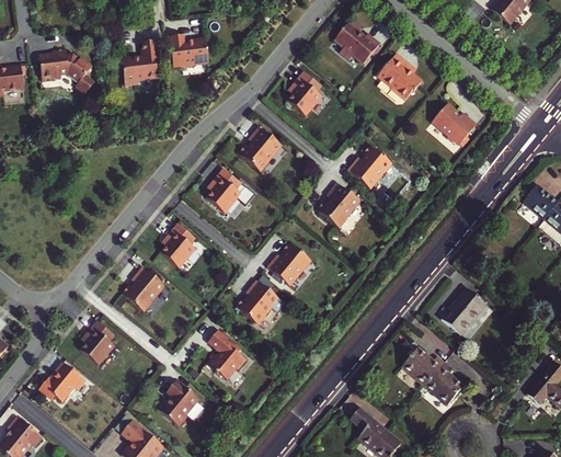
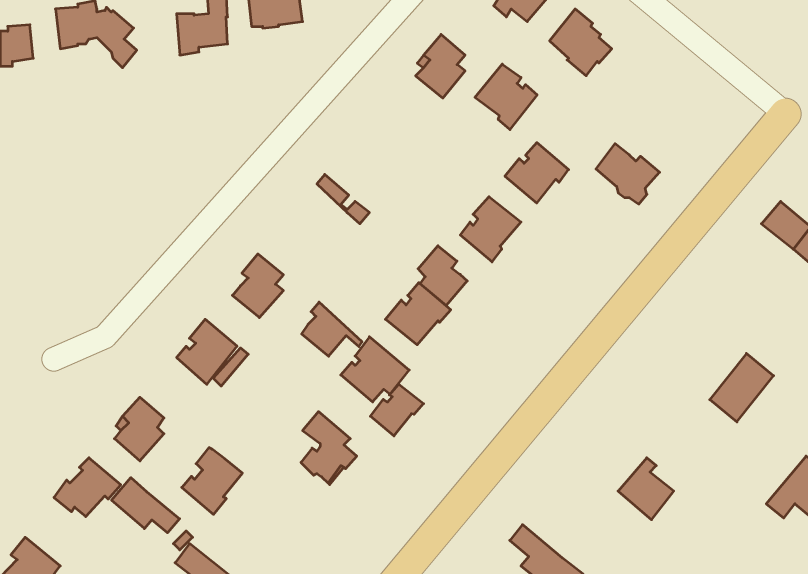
building: none -> [475,64,537,130]
building: [434,104,478,146] -> [596,144,660,204]
building: [238,127,280,172] -> none
building: [207,174,249,212] -> [302,302,362,356]
building: none -> [418,246,467,306]
building: [442,289,485,336] -> [710,353,774,422]
building: none -> [370,384,424,436]
building: [403,349,446,386] -> none
building: none -> [112,478,180,533]
building: [157,381,198,427] -> [182,448,242,514]

